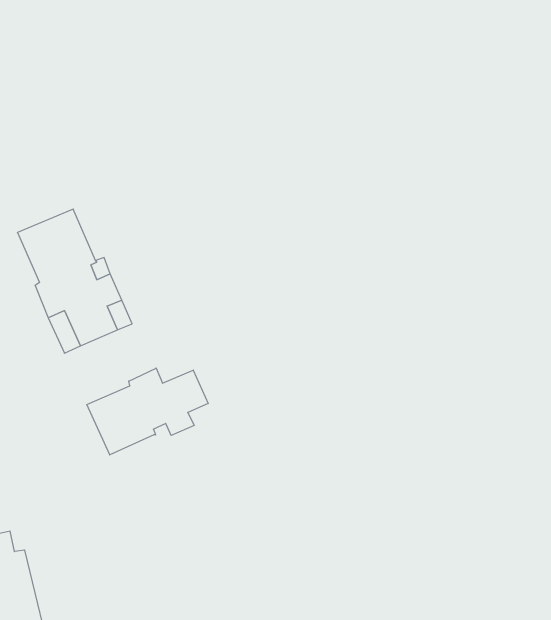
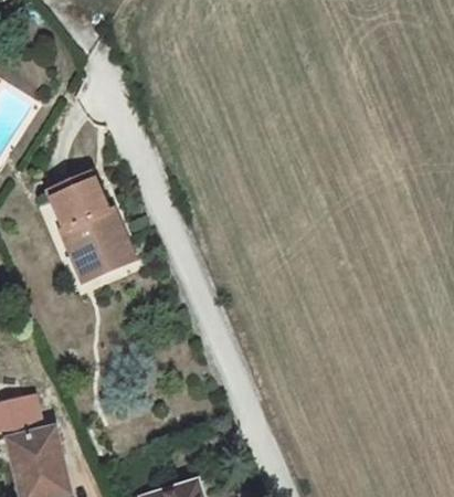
building: [87,368,208,455] -> none

